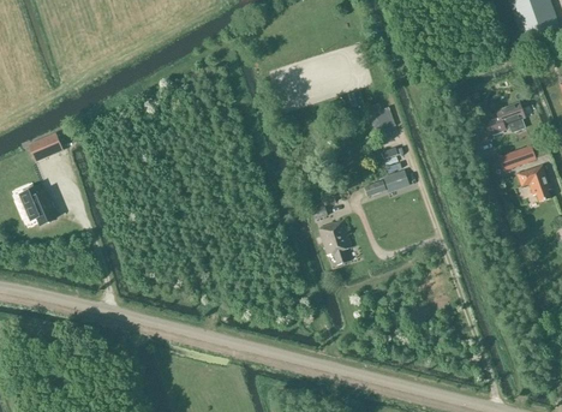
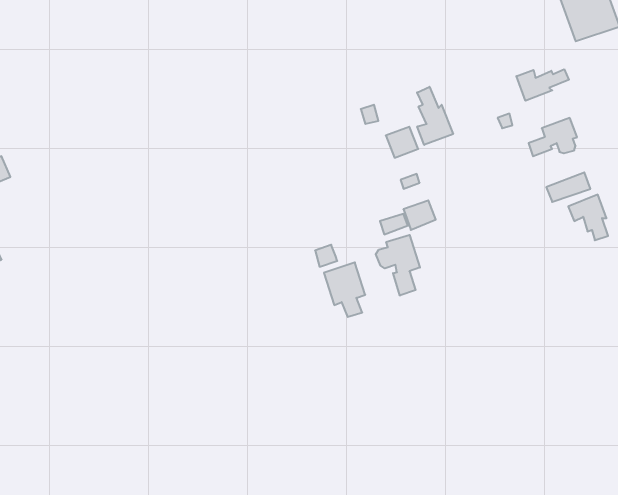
building: none -> [516,69,569,101]
building: none -> [417,87,453,145]
building: none -> [376,235,420,296]

